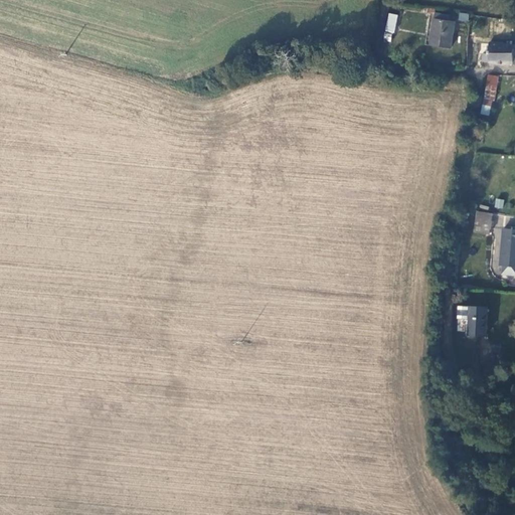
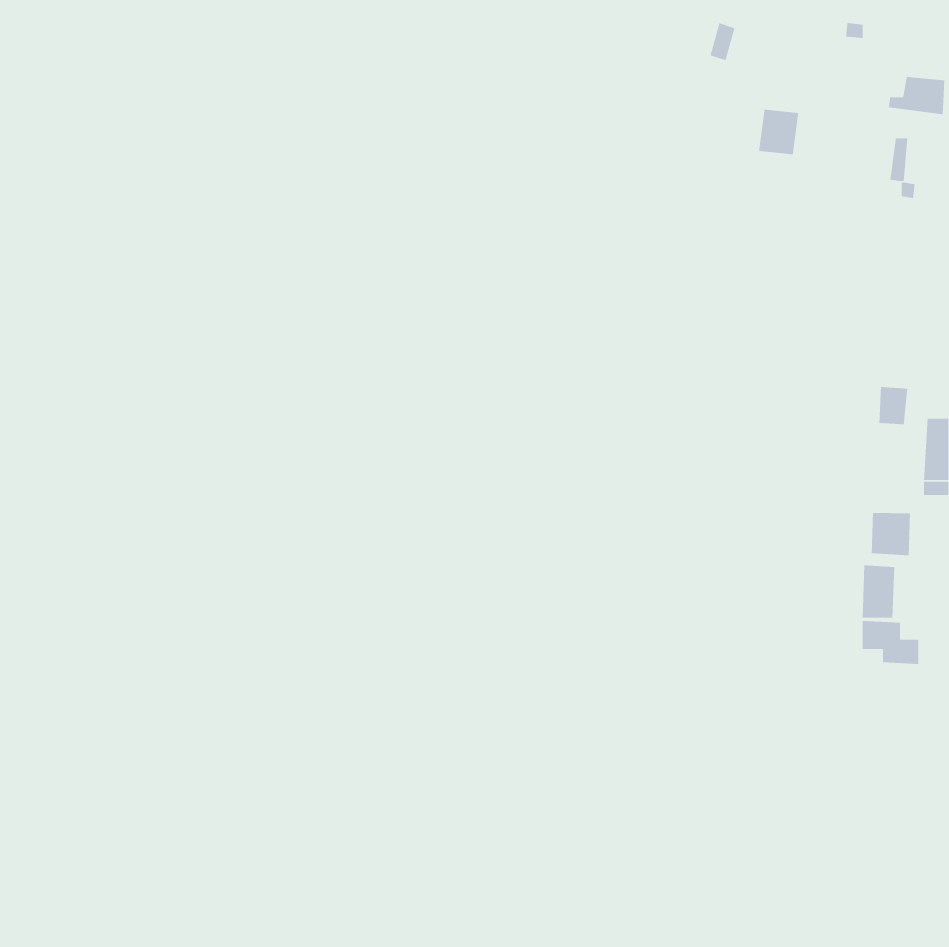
building: [432,18,454,43] -> [758,109,799,155]
building: none -> [871,512,911,556]

